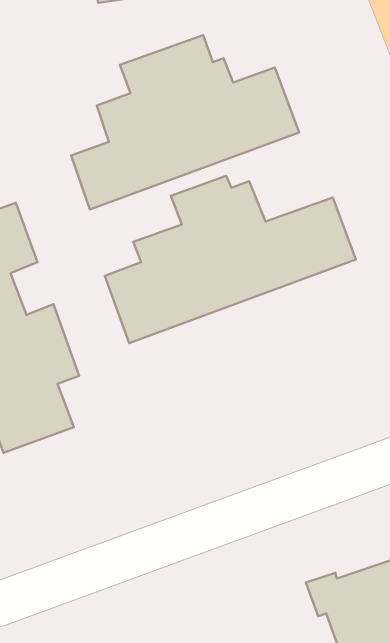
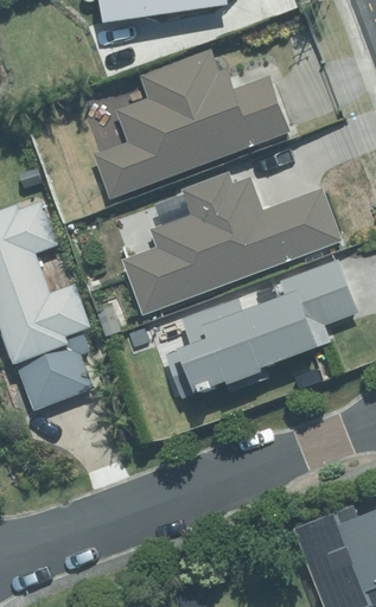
building: none -> [164,258,358,402]

